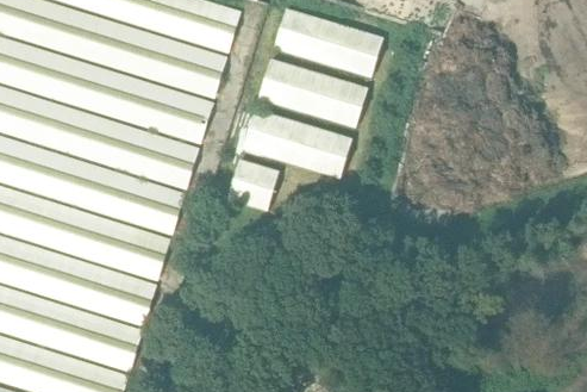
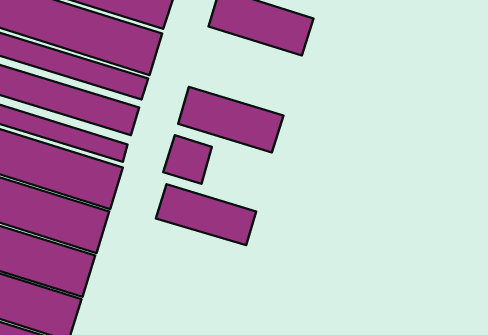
building: [256,60,366,127] -> none
building: none -> [156,184,256,245]

